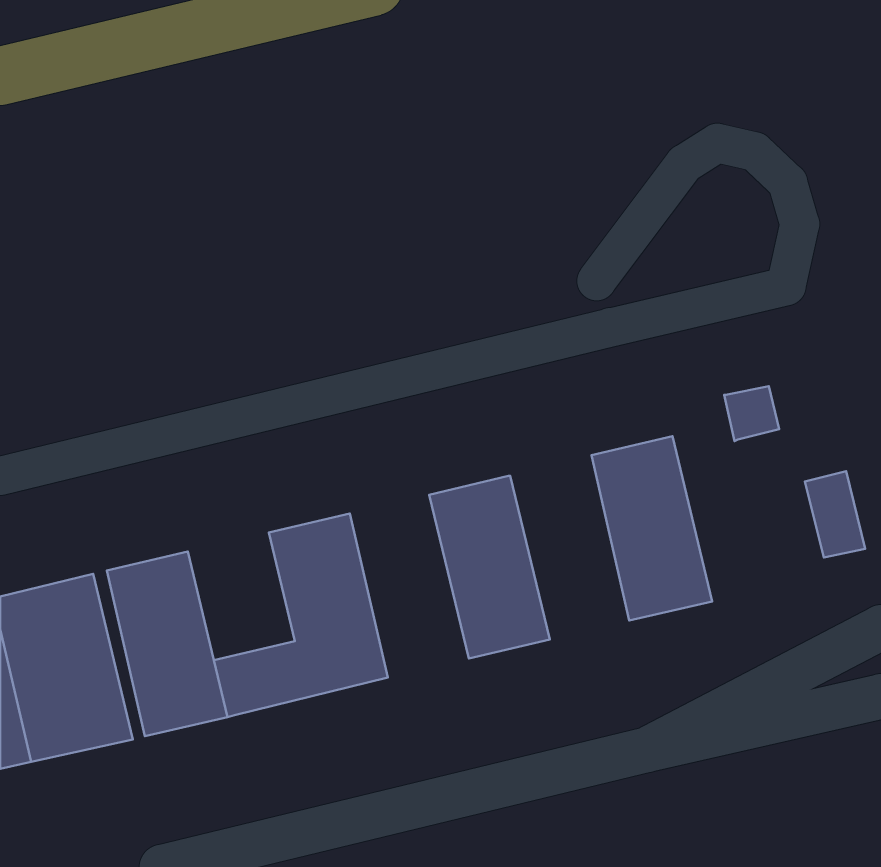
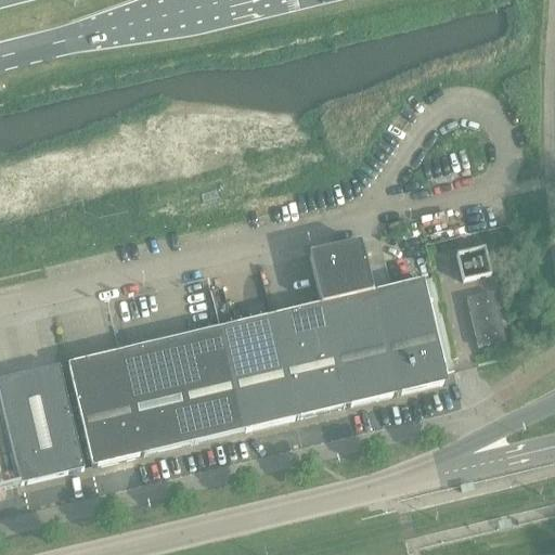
building: none -> [308,236,396,402]
building: [805,471,865,557] -> [466,287,504,341]
building: none -> [220,311,295,426]
building: none -> [118,335,185,415]

